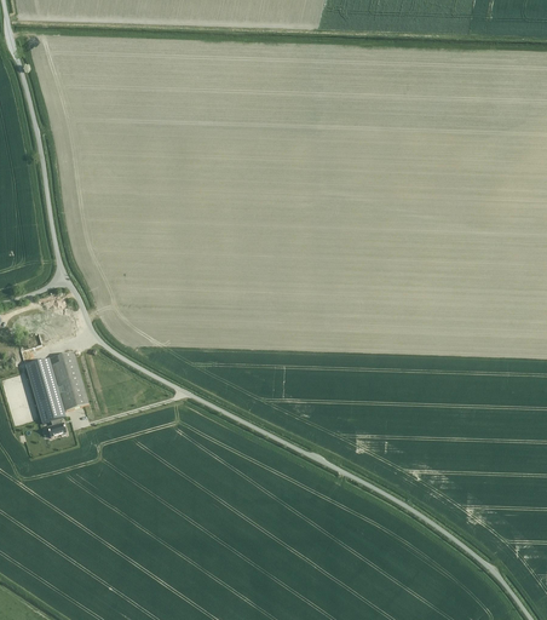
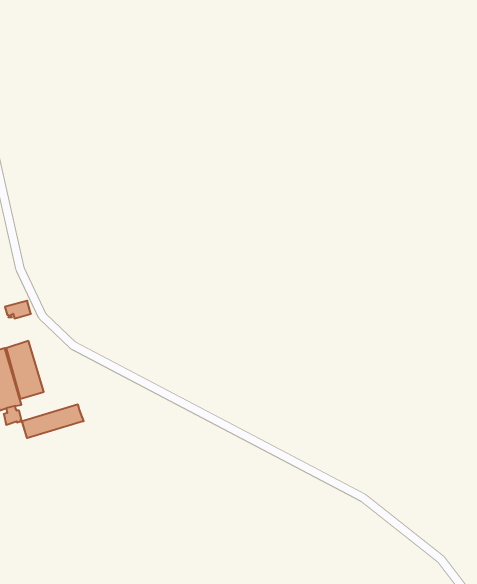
building: none -> [21,404,84,438]

